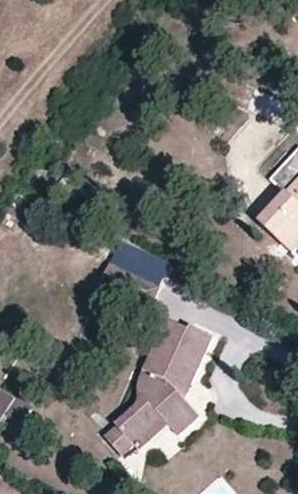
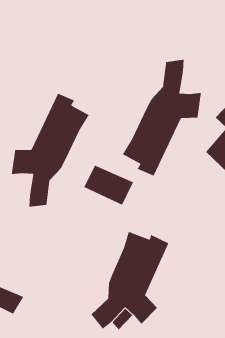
building: none -> [122,59,201,177]
building: none -> [11,93,90,208]

